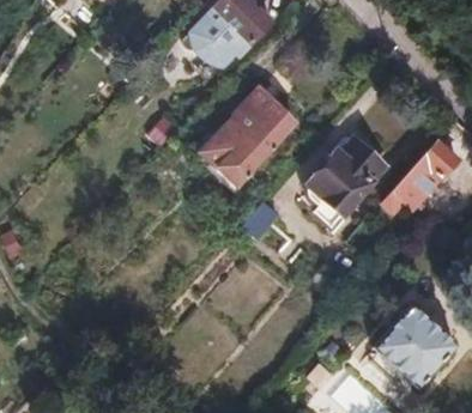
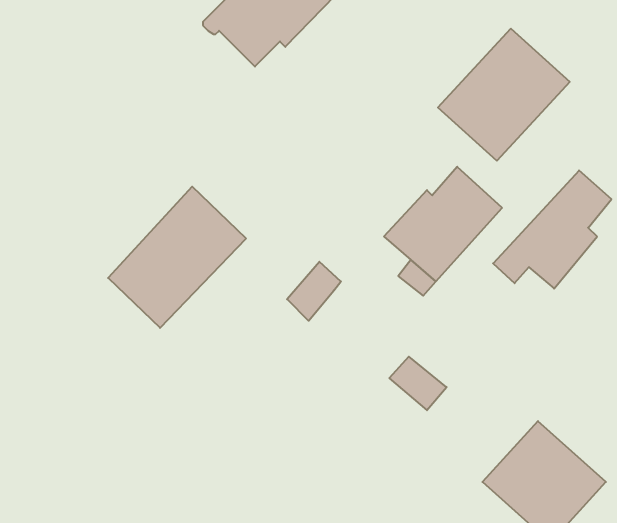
building: none -> [438,29,570,161]
building: [201,89,294,183] -> [108,187,246,328]

